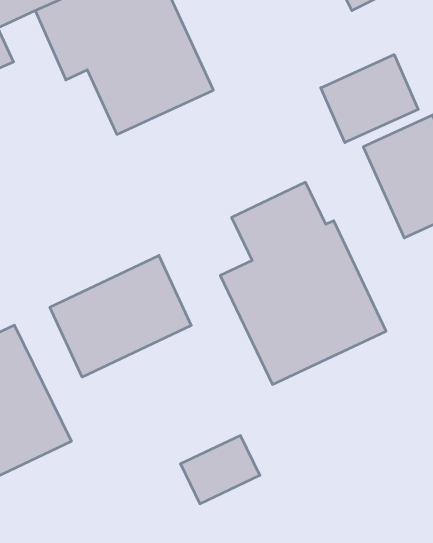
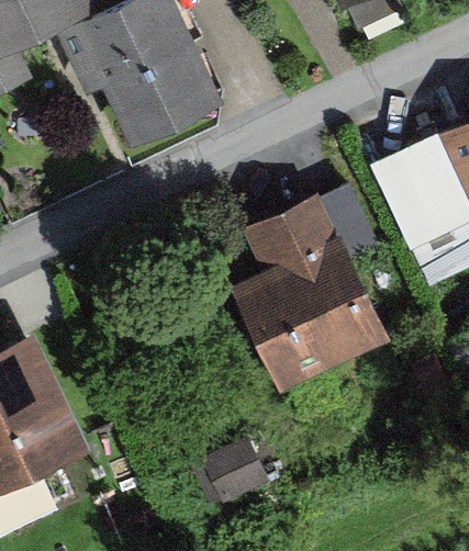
building: [321,55,418,143] -> none
building: [50,255,191,377] -> none

